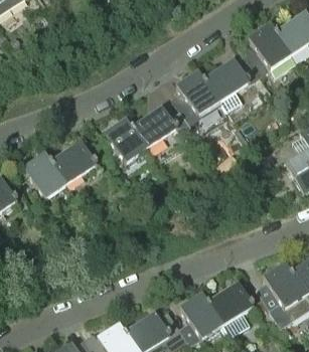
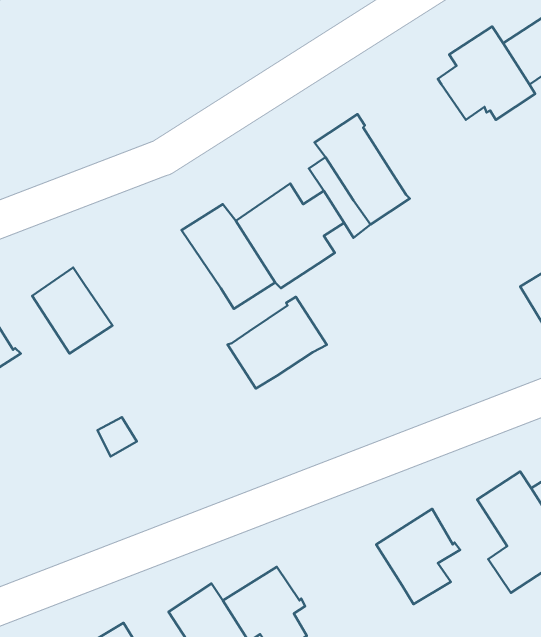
building: [201,53,258,113] -> none
building: [51,141,97,183] -> none
building: none -> [228,297,327,389]
building: [178,292,222,344] -> none

